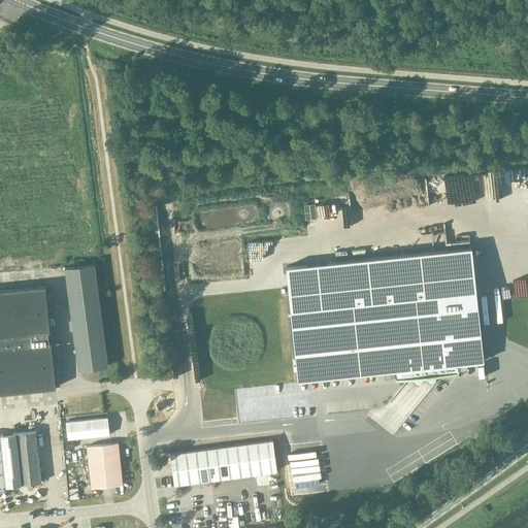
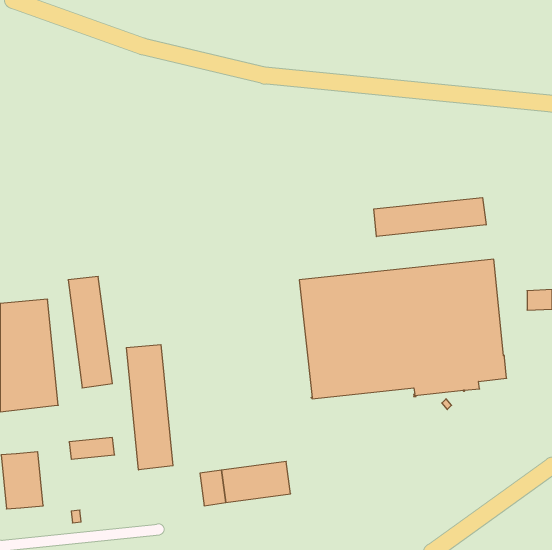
building: none -> [374,198,486,237]
building: none -> [126,345,173,470]
building: [87,444,123,489] -> none
building: [170,454,195,487] -> none

